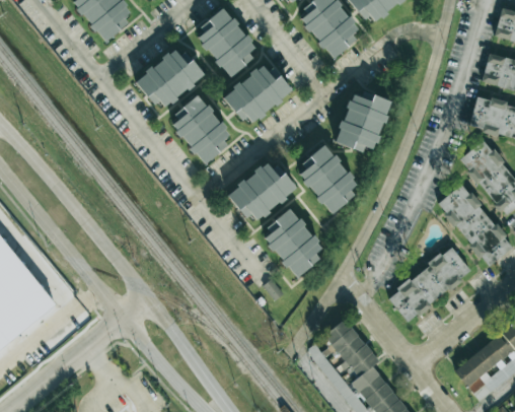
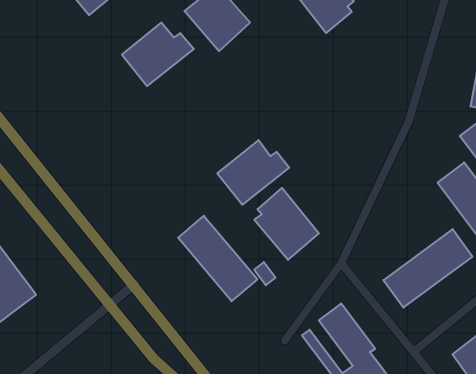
building: [224,64,293,127] -> none
building: [336,94,391,152] -> none
building: [168,96,234,163] -> none
building: [296,146,361,213] -> none
building: none -> [178,216,257,301]

